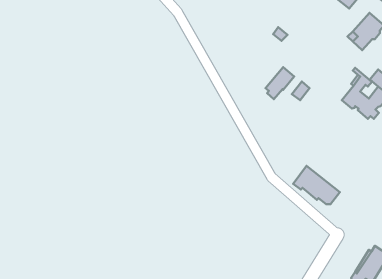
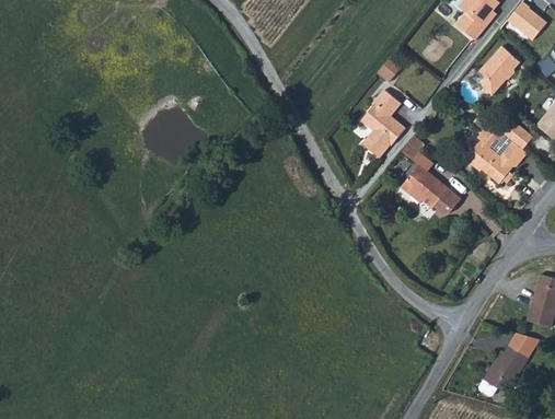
building: none -> [360,89,400,142]
building: [293,166,340,204] -> [402,163,462,212]

